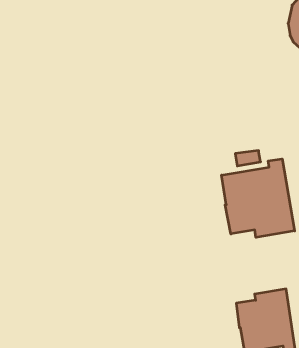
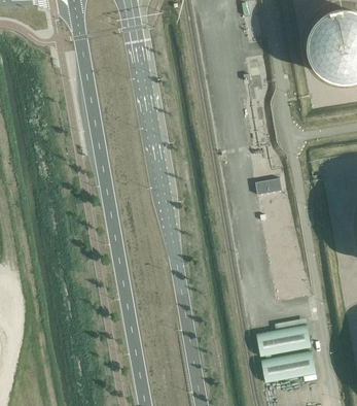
building: [222,159,295,237] -> none

